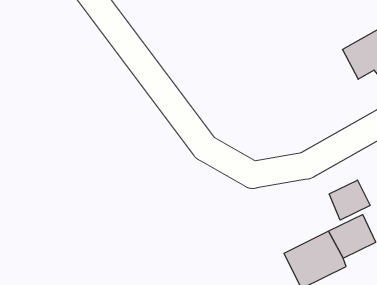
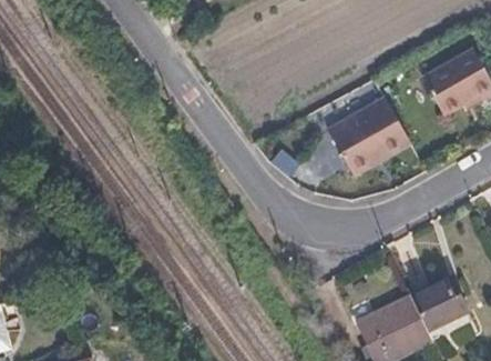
building: none -> [329,97,411,174]
building: [329,180,370,220] -> none

